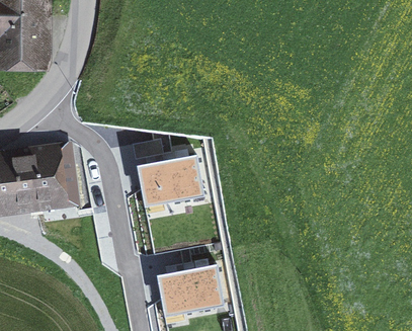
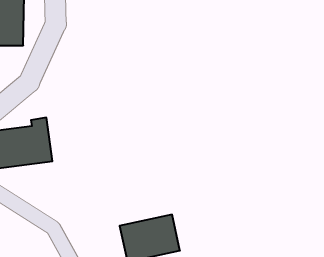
building: [135,152,211,215] -> none

